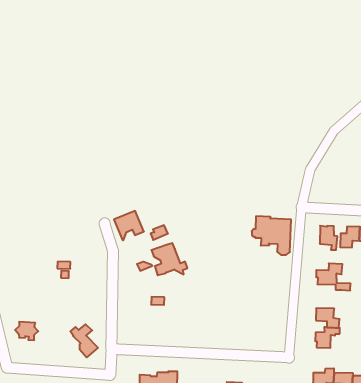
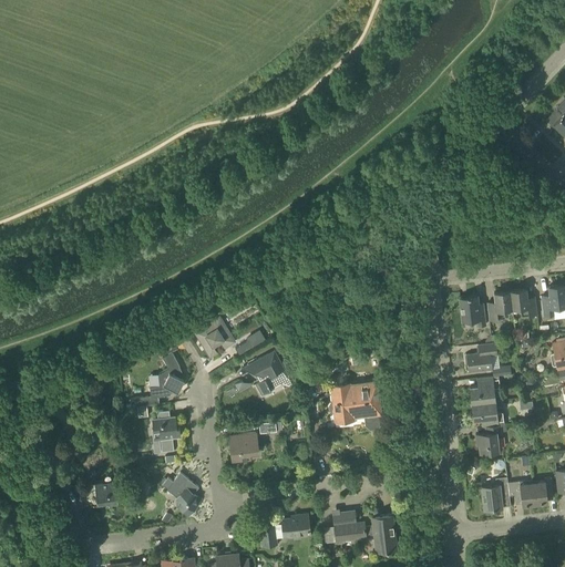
building: [252,216,291,255] -> [328,382,381,430]
building: none -> [148,352,182,399]
building: none -> [152,414,179,452]
building: none -> [470,375,499,404]
building: none -> [229,433,258,461]

